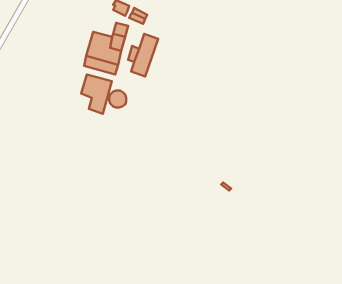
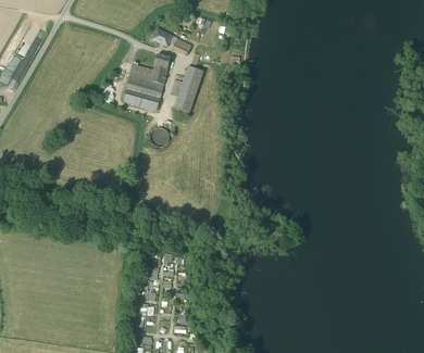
building: [81,74,112,114] -> none

